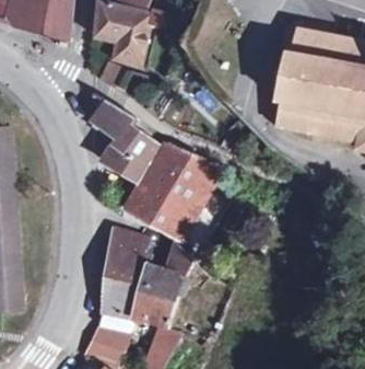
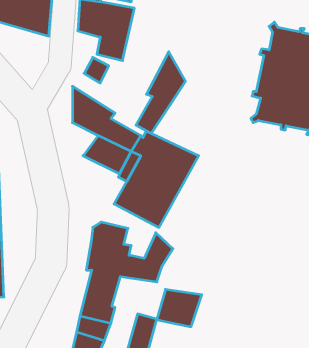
building: none -> [136,52,185,133]
building: [131,287,177,325] -> [157,289,202,327]

